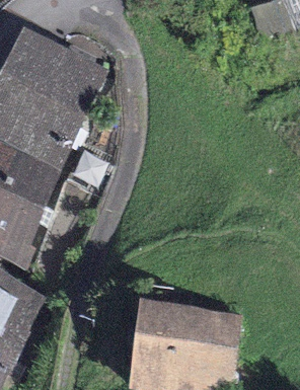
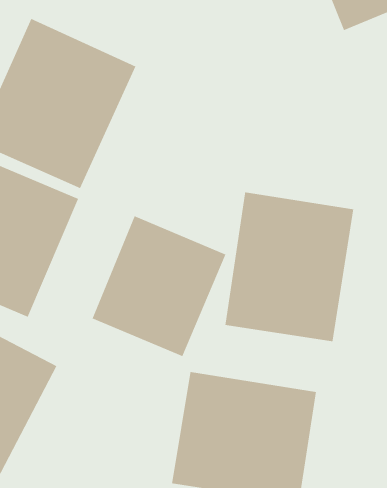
building: none -> [225,192,354,342]
building: none -> [92,215,227,357]

